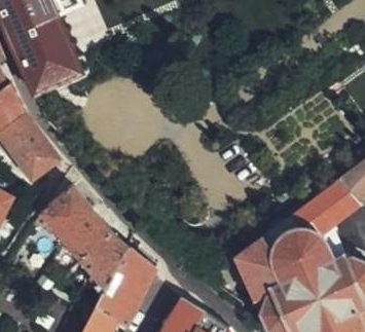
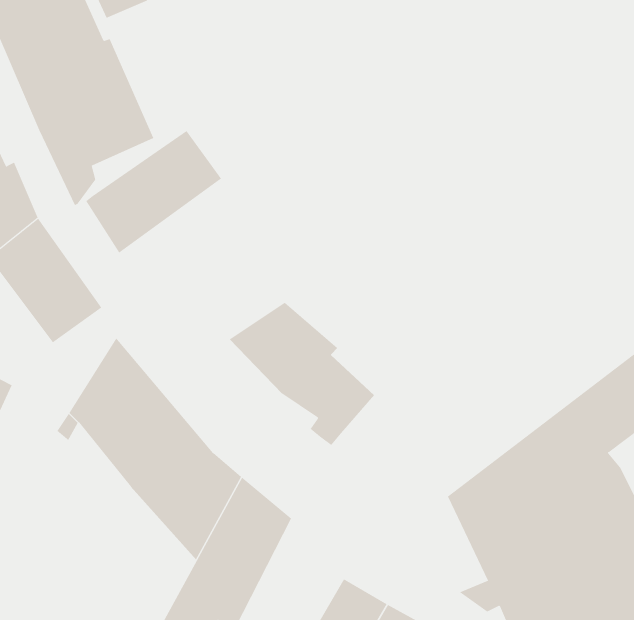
building: none -> [86,130,222,254]
building: none -> [229,302,375,446]

